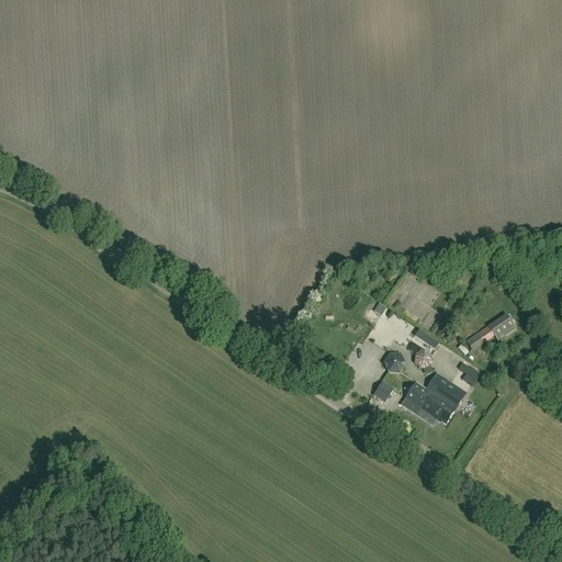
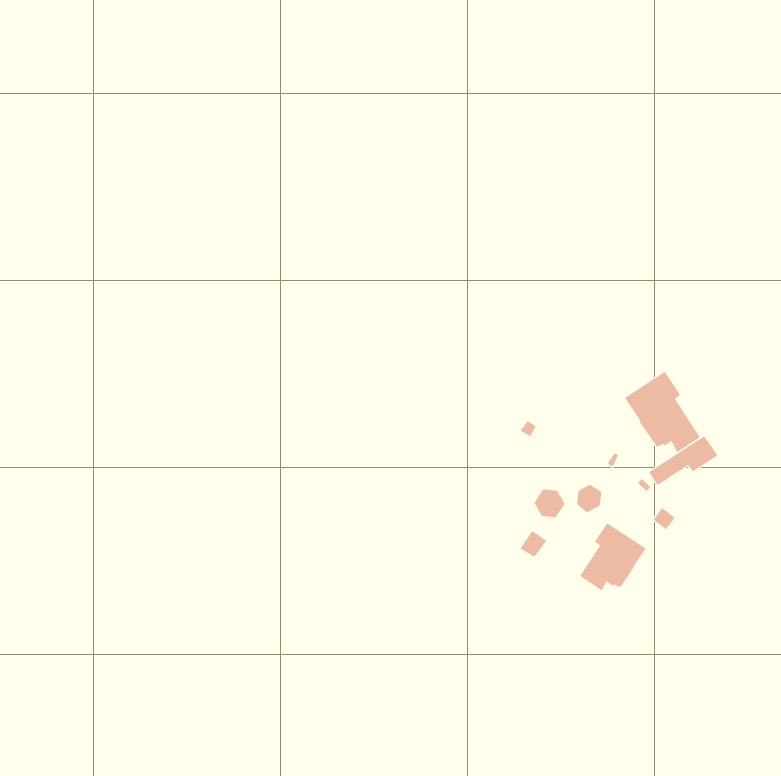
building: none -> [624,371,701,453]
building: [401,381,430,414] -> none

